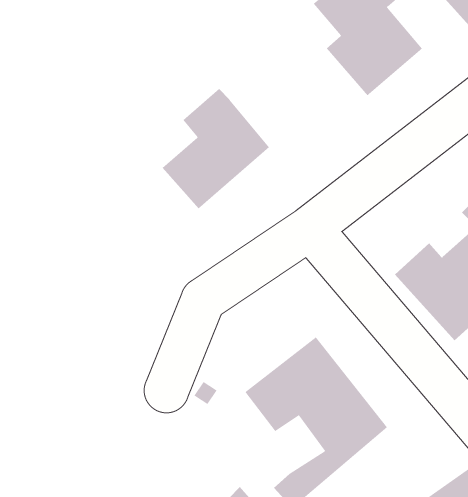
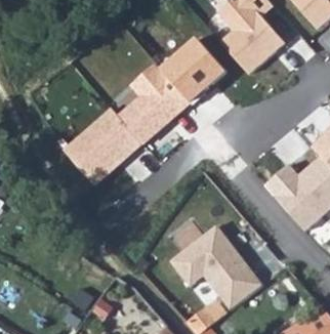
building: none -> [161,42,223,105]
building: none -> [60,110,140,187]

